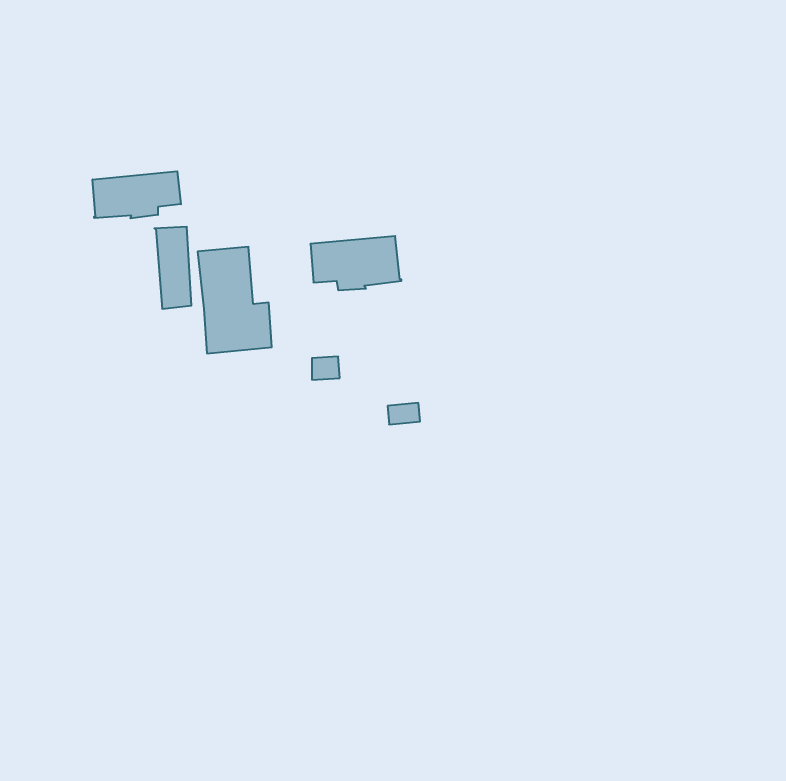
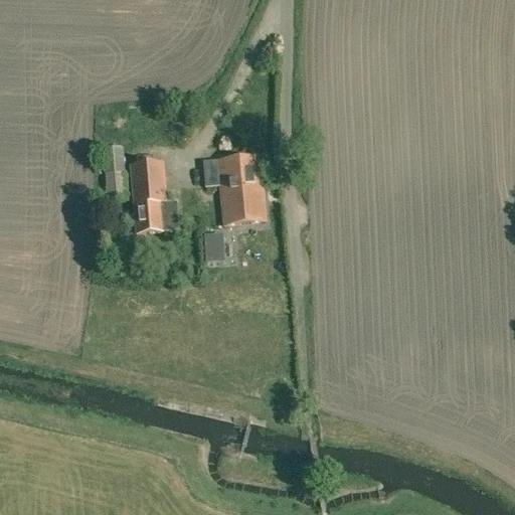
building: [93,171,181,218] -> none
building: none -> [220,183,266,221]

